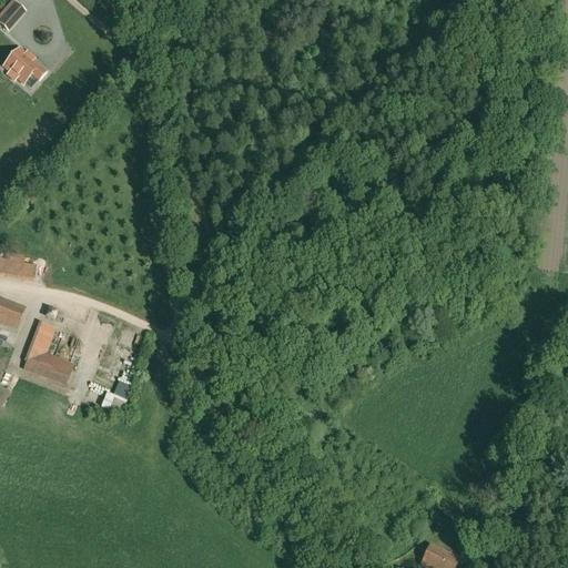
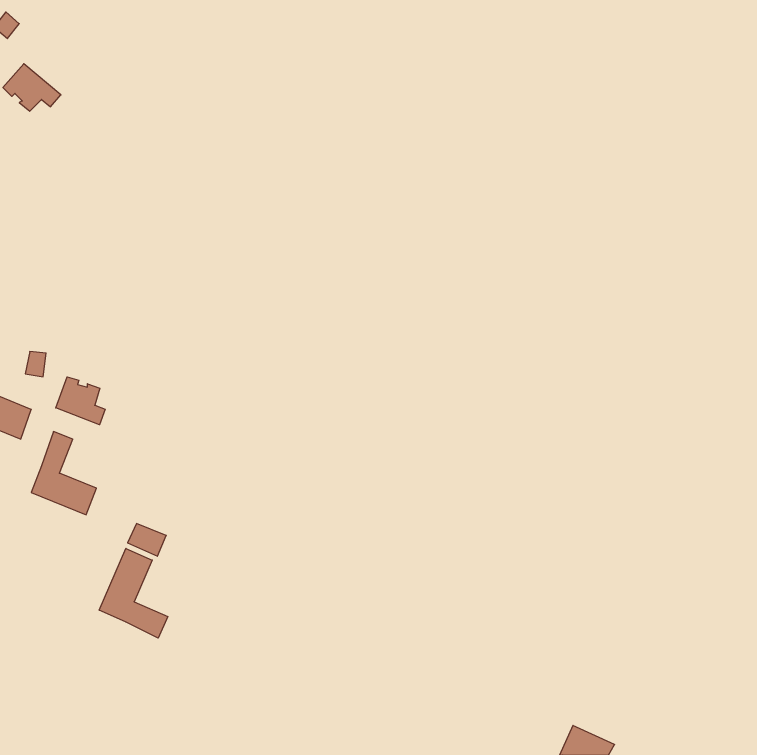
building: none -> [56,377,105,425]
building: none -> [99,548,168,638]

